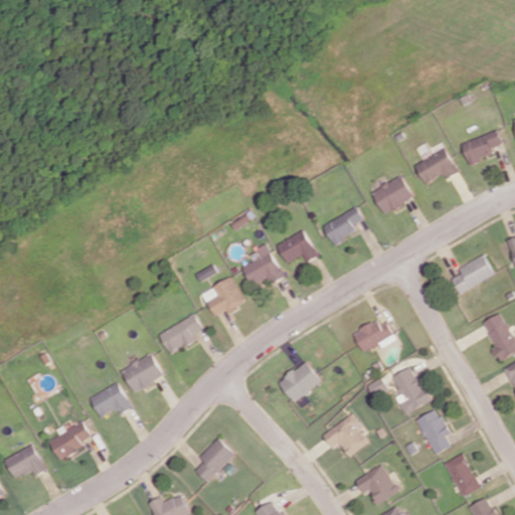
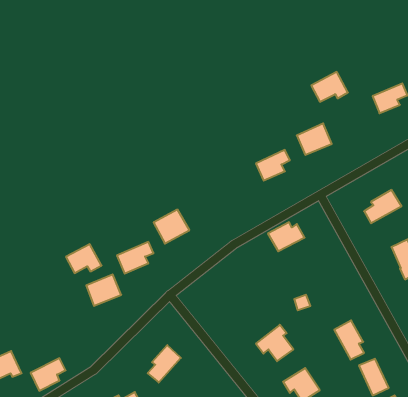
building: [414,148,458,183] -> [311,72,348,102]
building: [277,229,318,263] -> none
building: [242,243,284,286] -> none
building: [352,320,395,354] -> [268,222,305,251]
building: [279,361,321,402] -> none
building: [391,366,430,414] -> none
building: [91,382,133,416] -> [66,244,102,273]
building: [49,422,91,461] -> [31,358,66,391]

